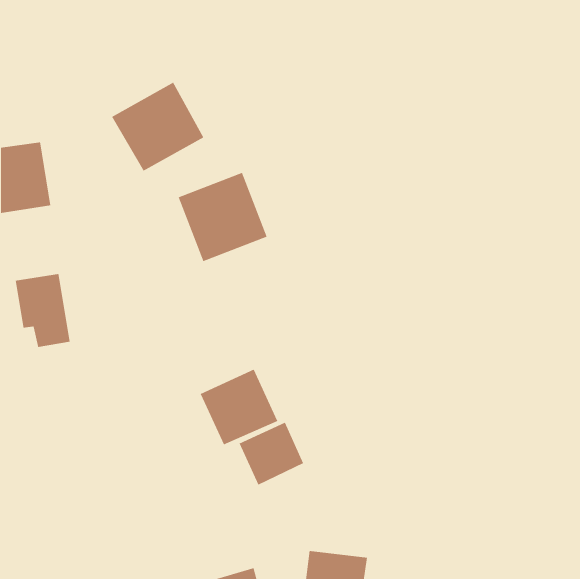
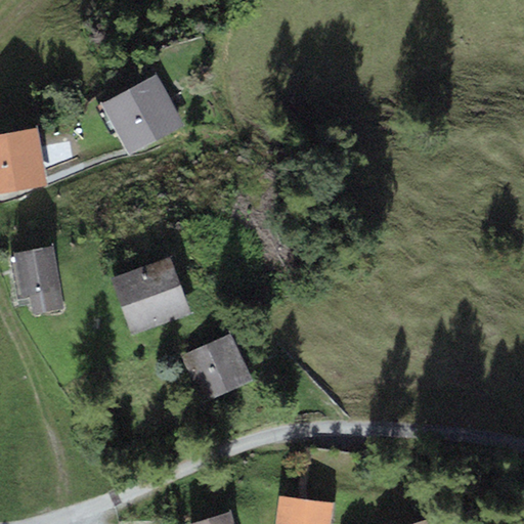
building: [178,172,268,262] -> [111,255,191,336]
building: [239,422,304,485] -> none

